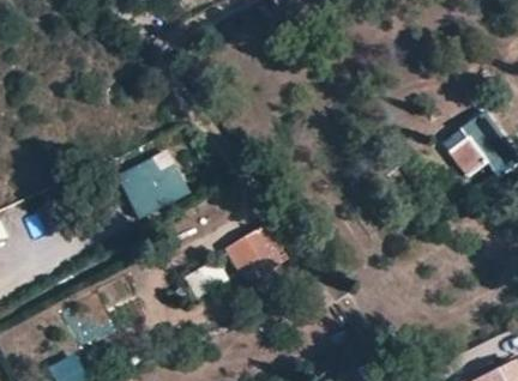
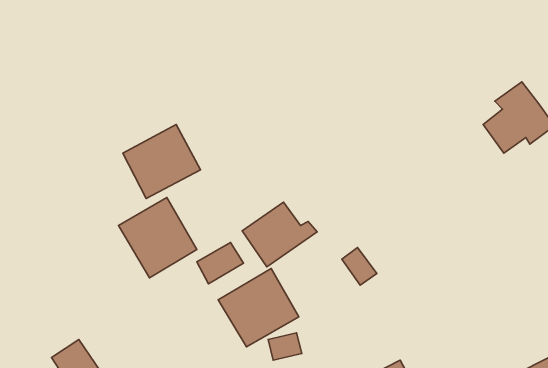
building: none -> [118,198,197,278]
building: none -> [218,269,299,347]

